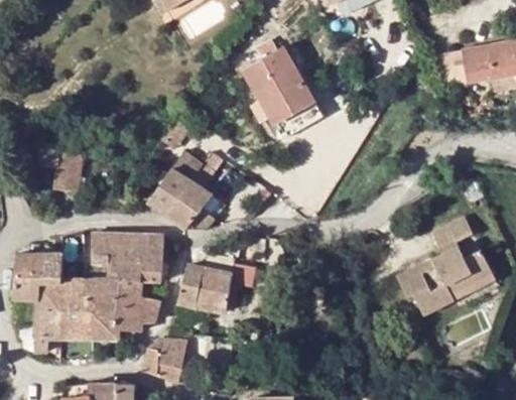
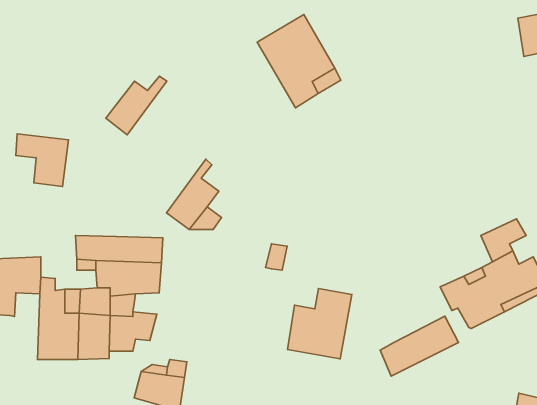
building: [149,164,201,214] -> [106,76,167,135]
building: [180,252,235,311] -> [287,288,352,359]
building: [33,281,60,353] -> none
building: none -> [380,316,459,376]

